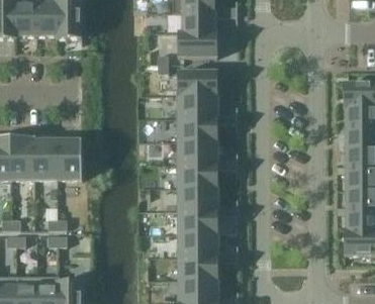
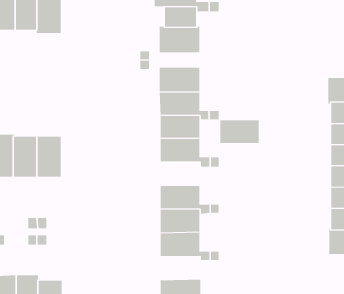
building: [178,164,217,187] -> [220,120,260,143]
building: [178,257,218,280] -> none

